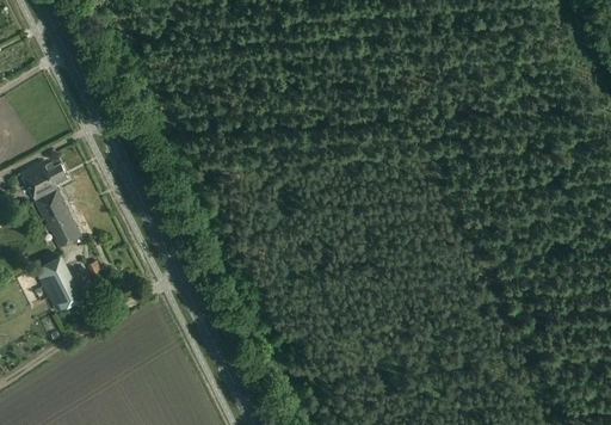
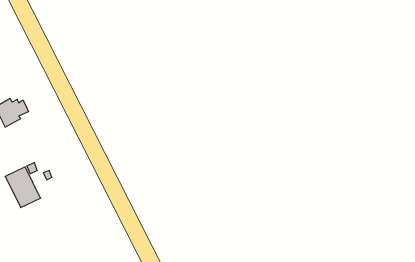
building: [36,189,81,247] -> none

